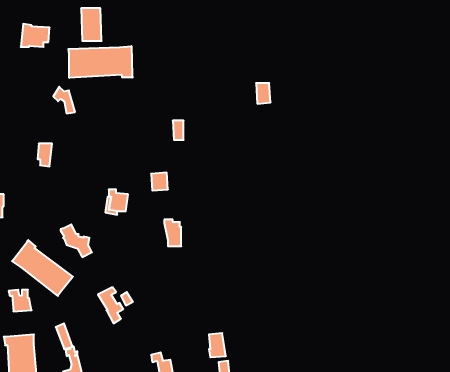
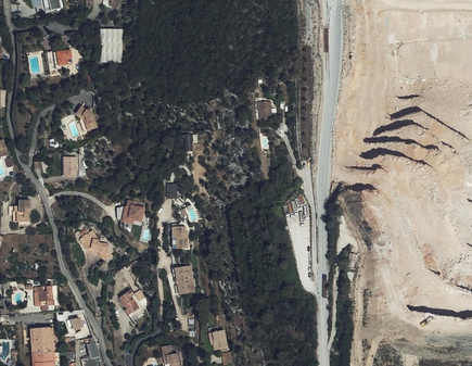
building: [68,46,133,78] -> none
building: [12,240,73,296] -> none
building: none -> [171,265,196,295]

